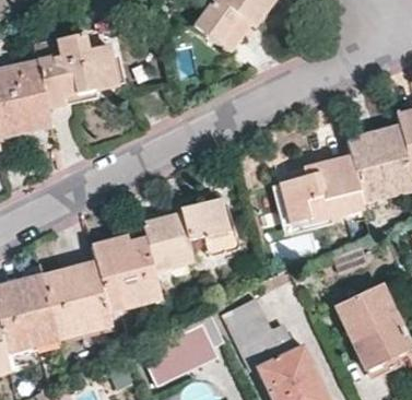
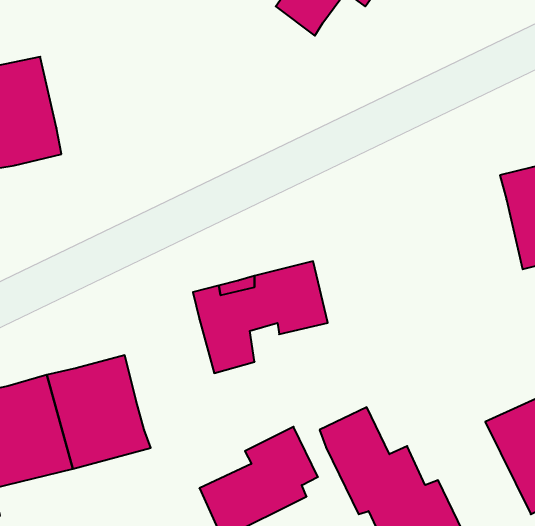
building: [37,36,119,109] -> none
building: [278,157,364,225] -> none
building: [90,236,161,313] -> none

